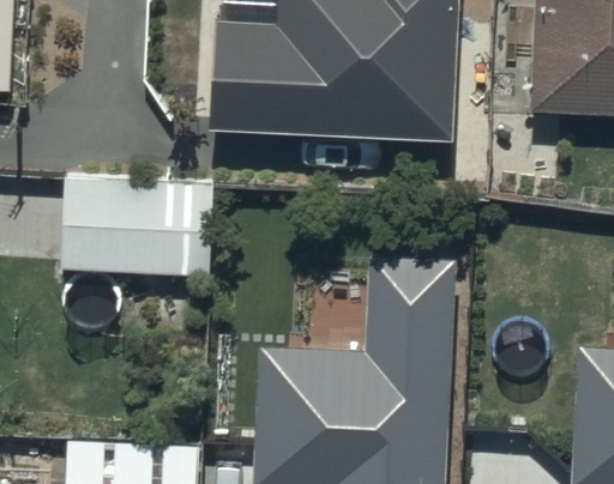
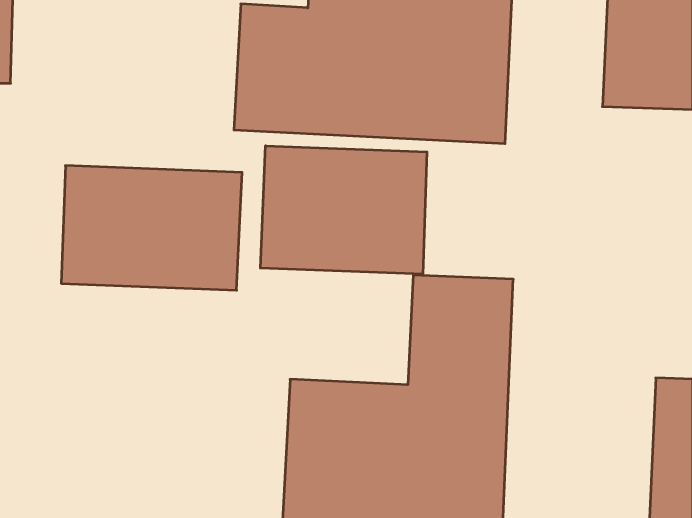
building: none -> [260,146,427,274]

